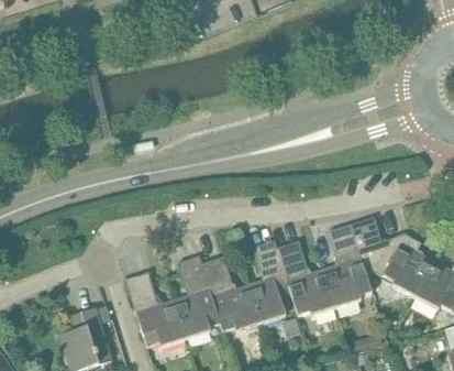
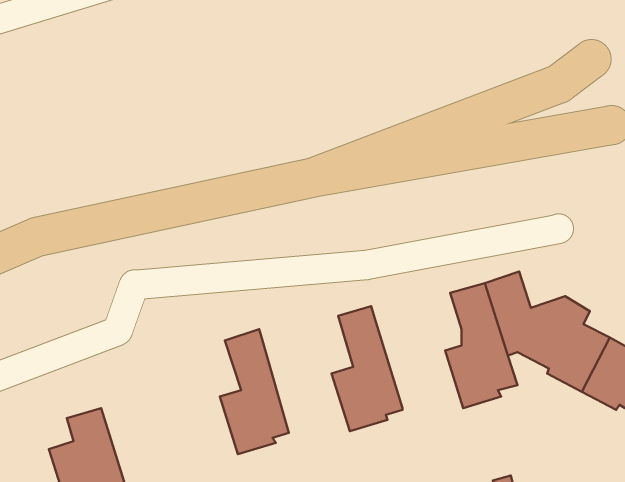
building: [277,240,336,315] -> none
building: [202,255,261,331] -> none
building: [125,271,186,347] -> none

